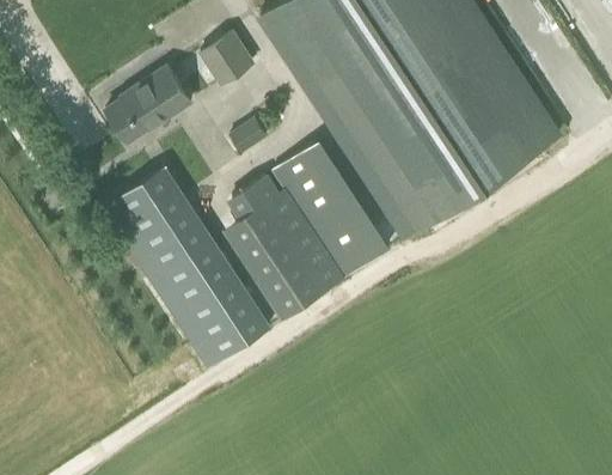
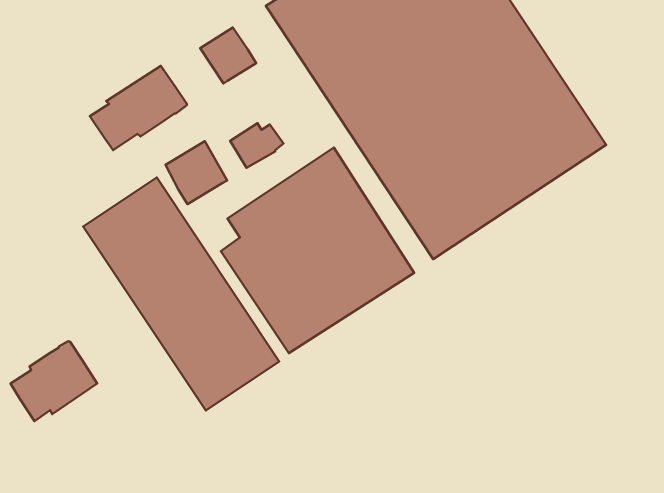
building: none -> [165,141,227,204]
building: none -> [10,341,97,421]

